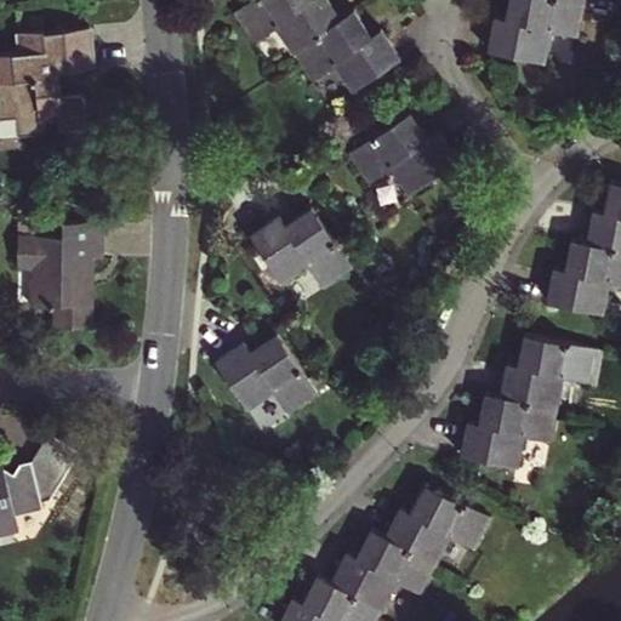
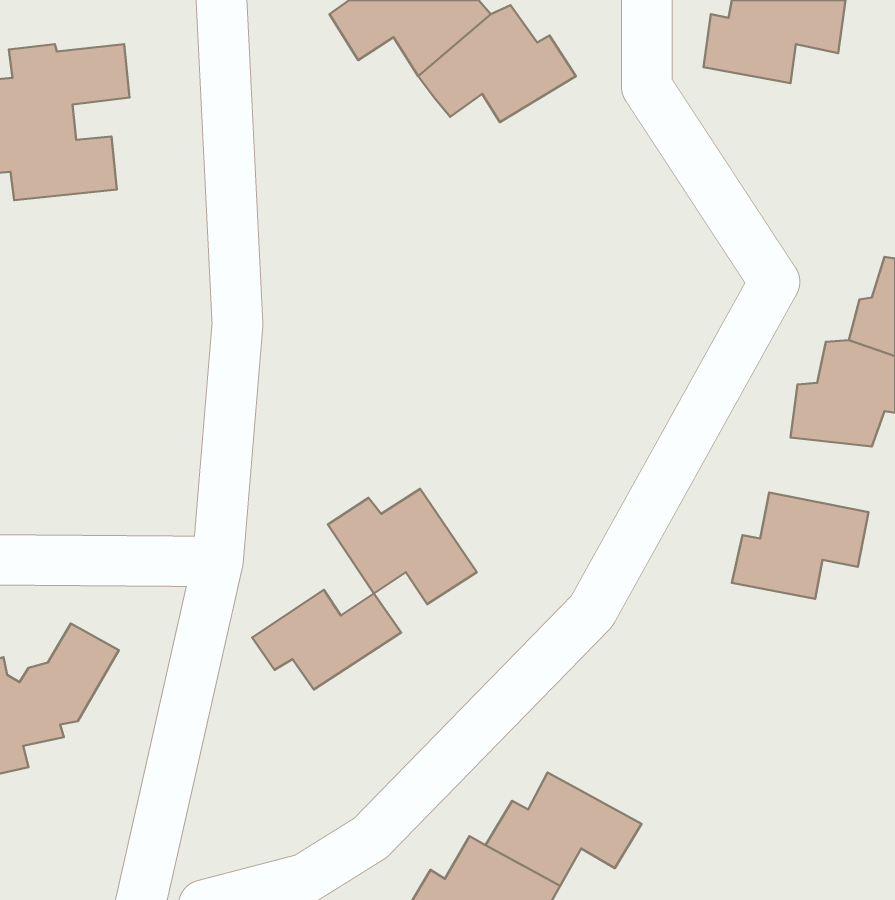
building: [343,106,452,192] -> none
building: [244,205,347,289] -> none
building: [17,220,103,325] -> none
building: [465,400,558,474] -> none
building: none -> [252,590,401,690]
building: [388,486,494,568] -> none

